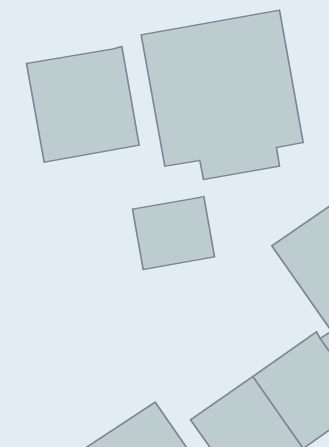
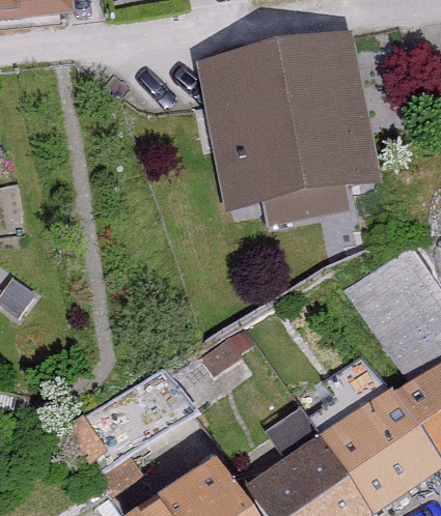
building: [27,46,139,162] -> none
building: [133,196,215,270] -> none

